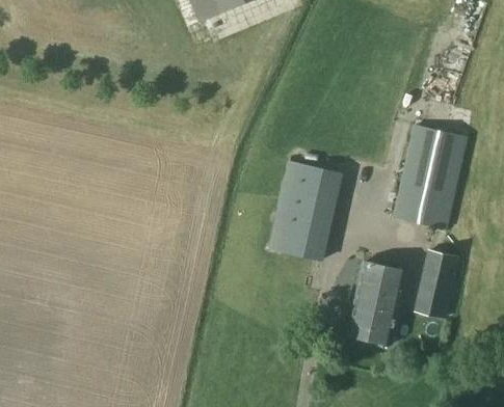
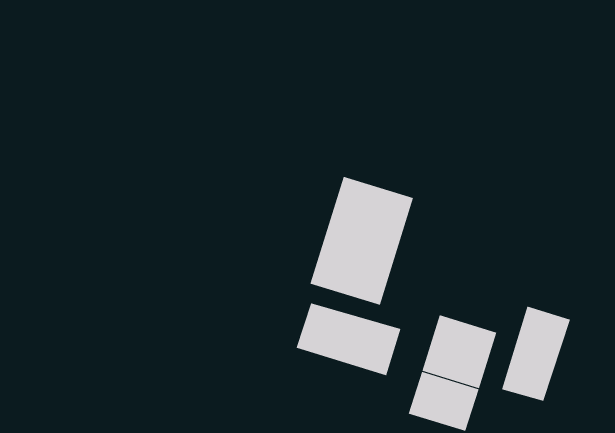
building: [392,123,468,228] -> none
building: none -> [296,303,401,376]

